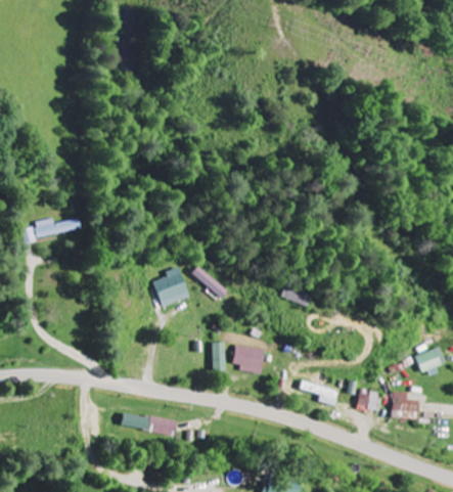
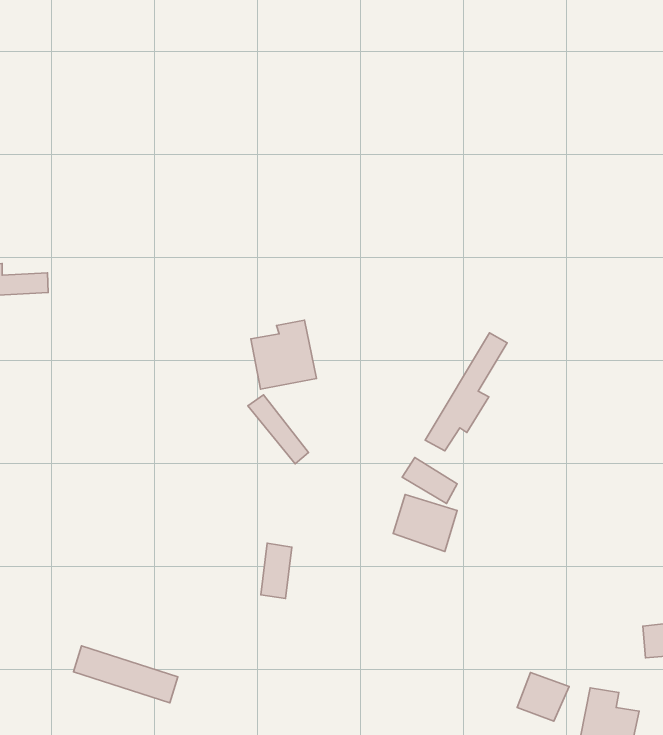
building: none -> [425,333,507,451]
building: [151,267,189,307] -> [251,320,317,389]
building: [233,346,265,372] -> [393,495,457,551]
building: [301,381,339,406] -> none

